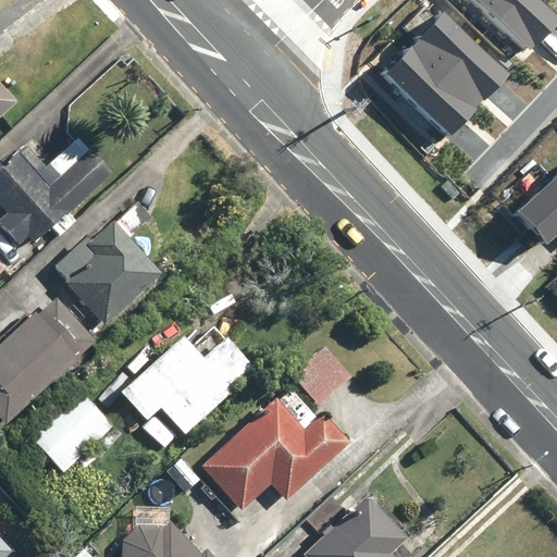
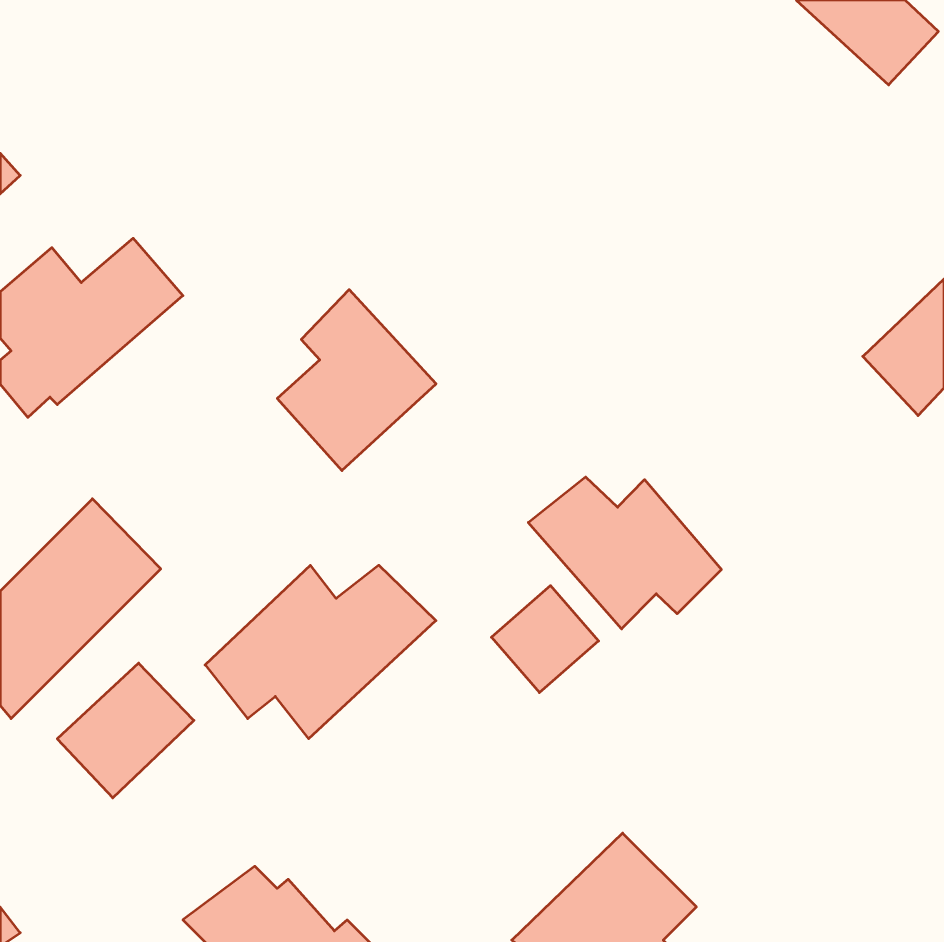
building: [380,12,504,134] -> none
building: [67,219,161,325] -> [277,290,436,471]
building: none -> [528,477,721,629]
building: [197,396,352,516] -> none

